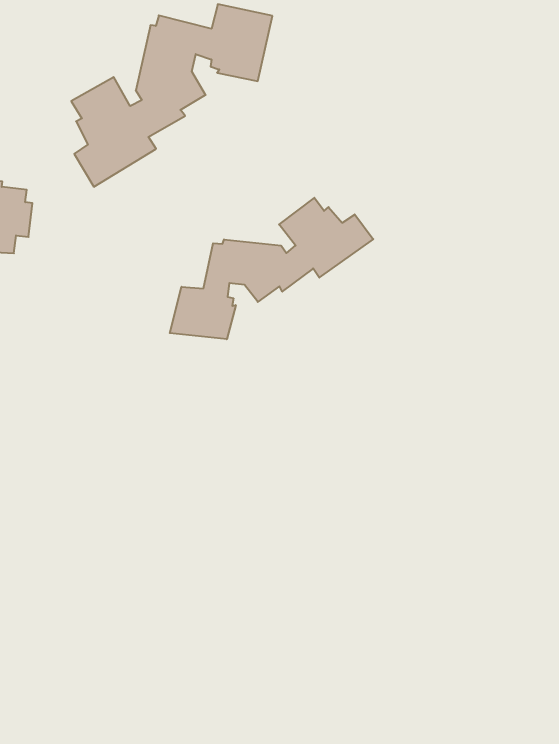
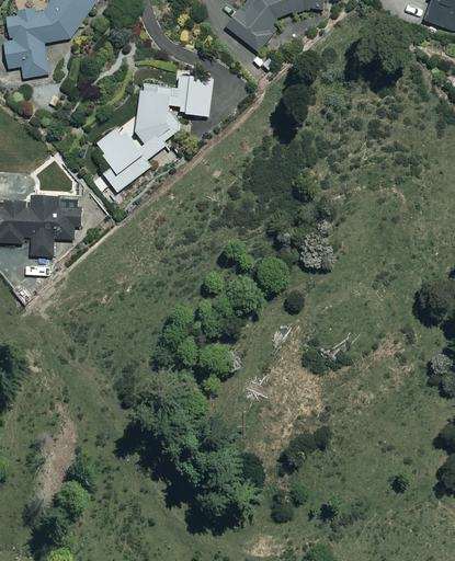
building: [170,198,373,339] -> none

